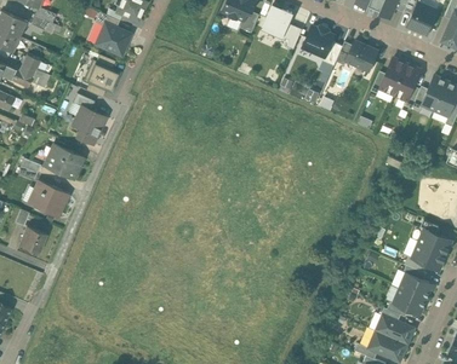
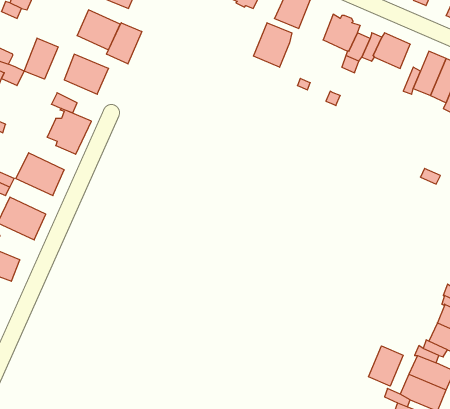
building: none -> [253,23,292,67]
building: none -> [107,23,142,64]
building: none -> [24,38,58,79]
building: none -> [368,346,403,386]

